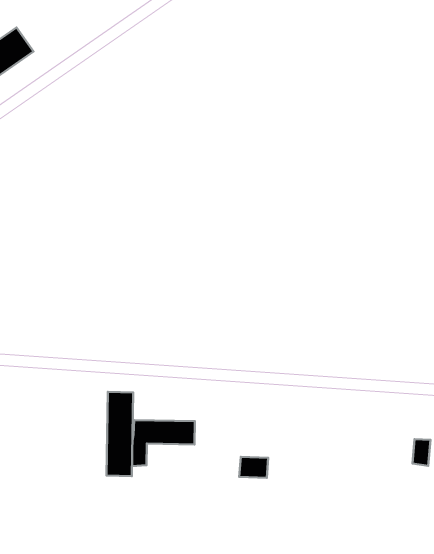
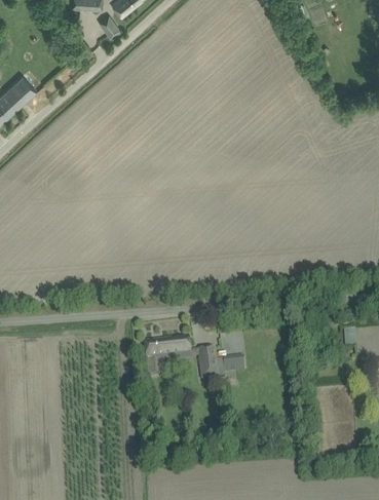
building: [107,392,133,476] -> none
building: none -> [197,348,224,380]

